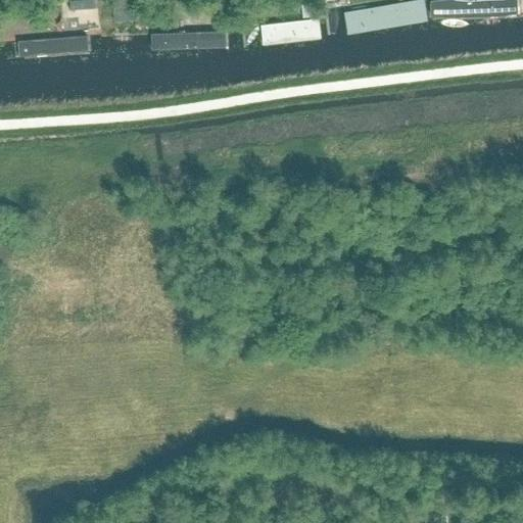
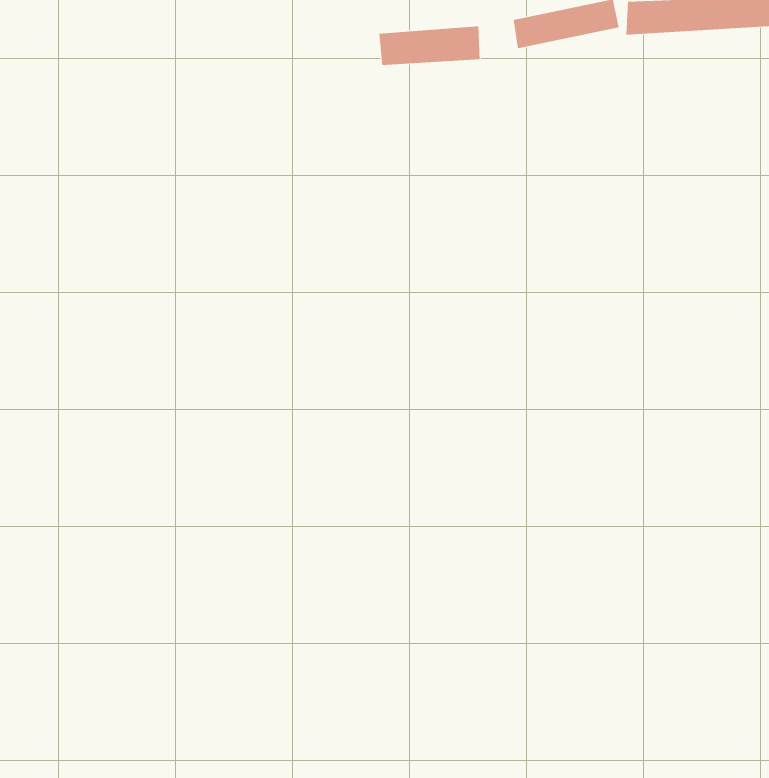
building: [145,31,225,51] -> none
building: [17,37,88,60] -> none

